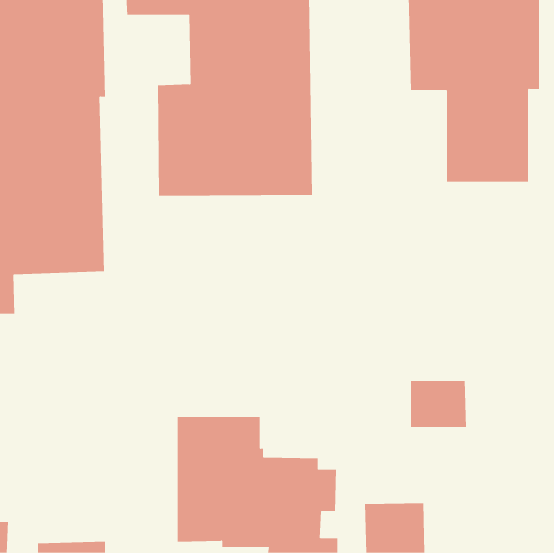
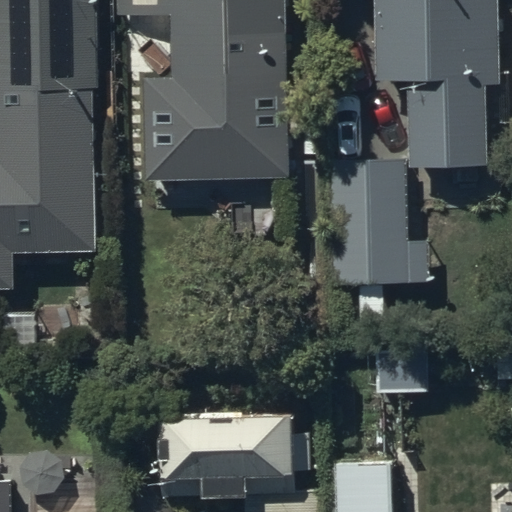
building: none -> [328,157,428,285]

